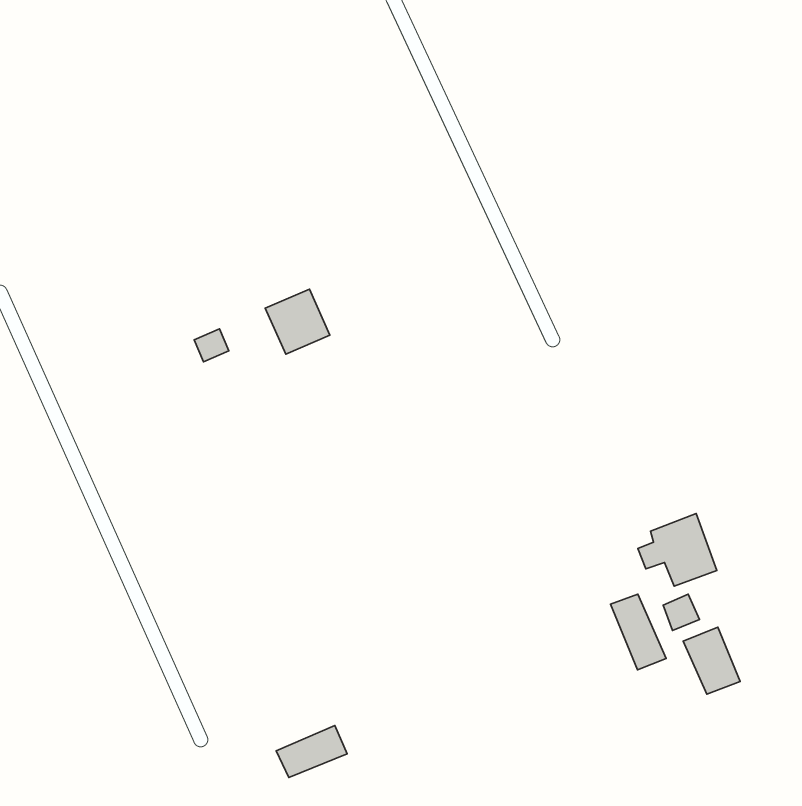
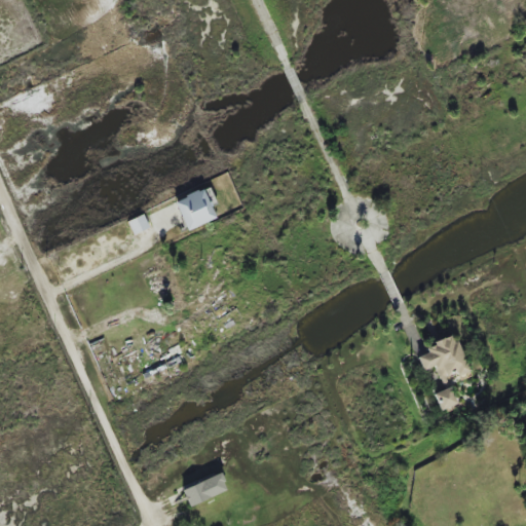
building: [611,594,666,670] -> none
building: [683,627,740,694] -> none

